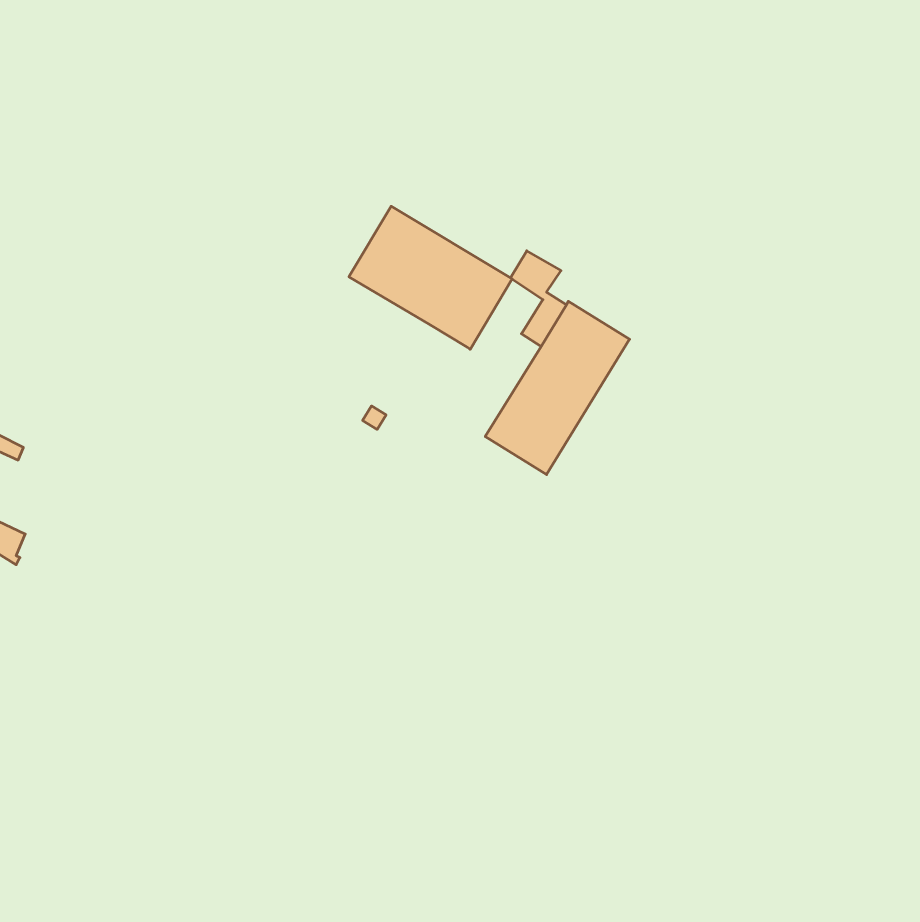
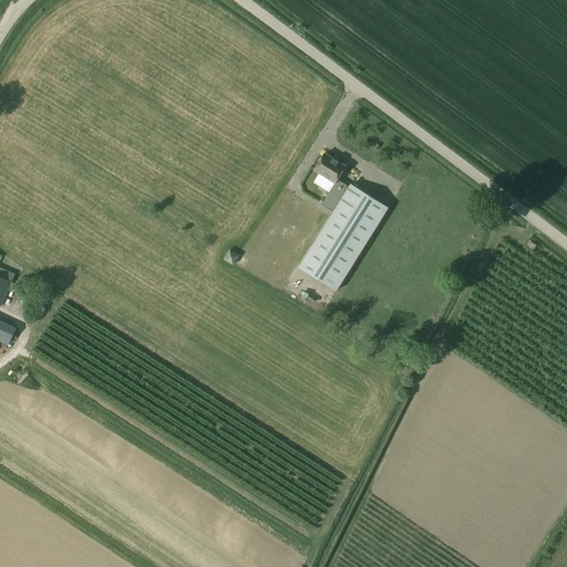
building: [349,206,512,349] -> none

